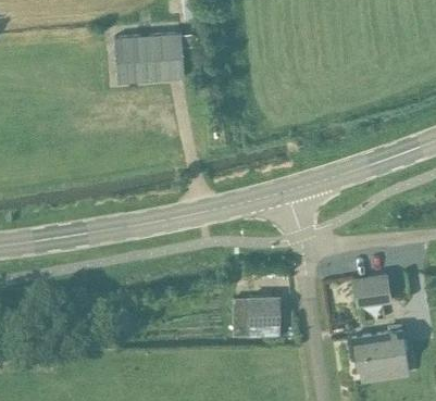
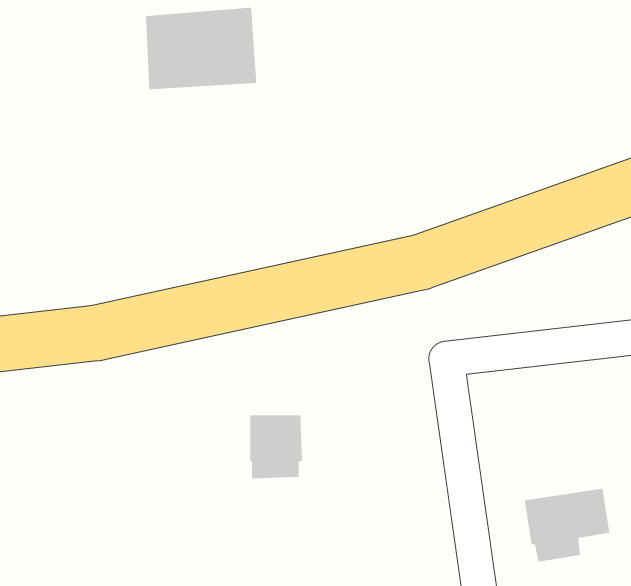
building: [354,275,391,306] -> none
building: [248,296,282,336] -> [250,415,303,479]

